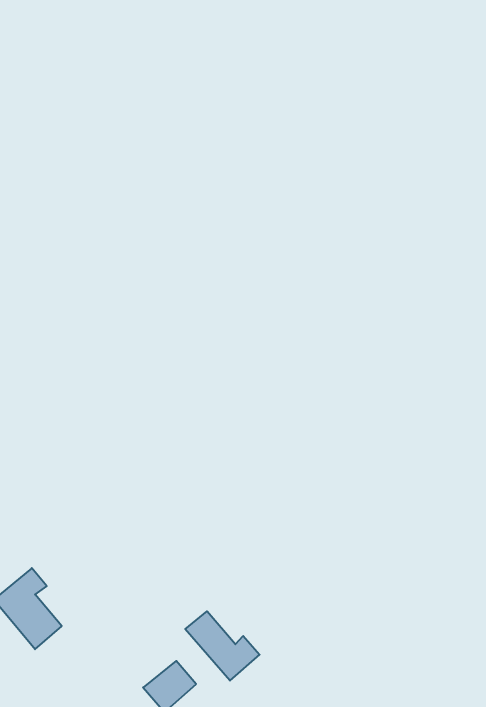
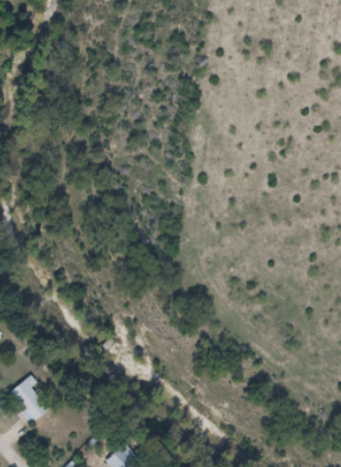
building: [185,611,260,681] -> none

